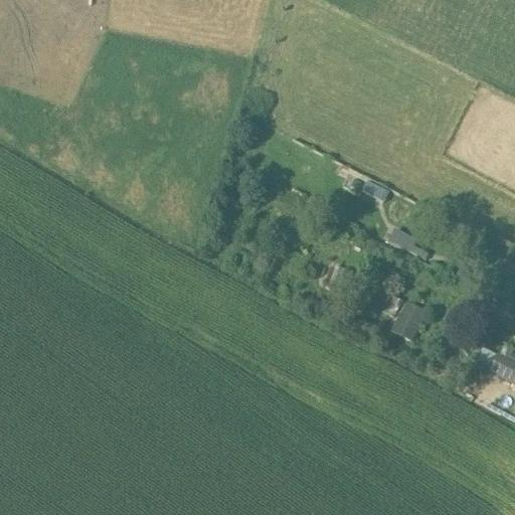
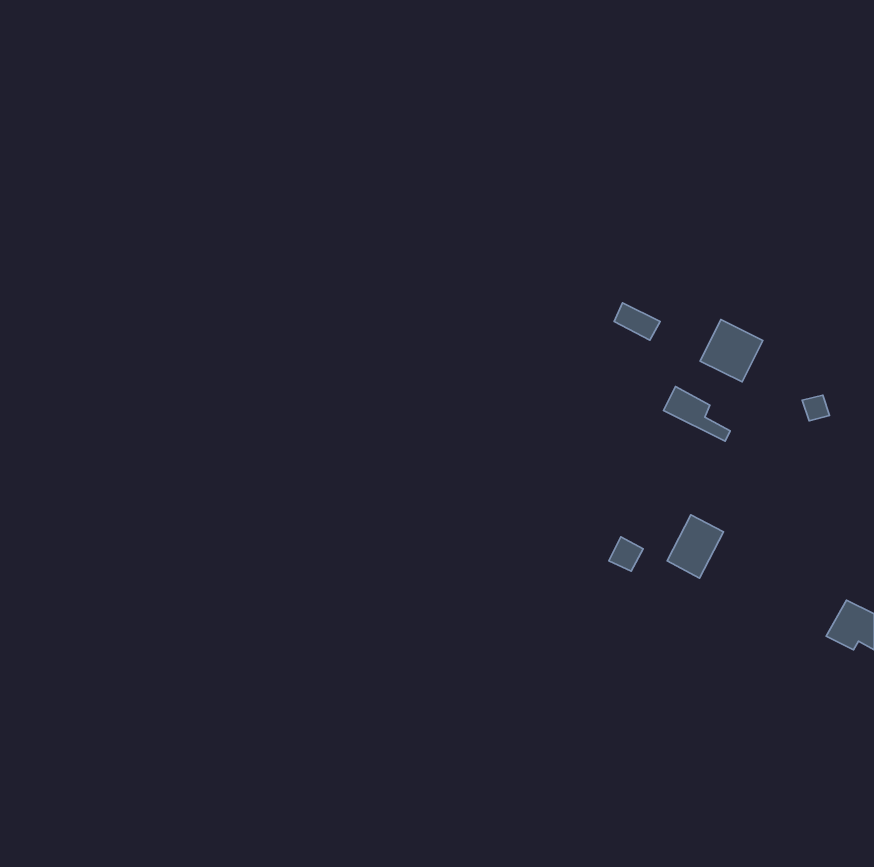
building: none -> [700,320,763,382]

